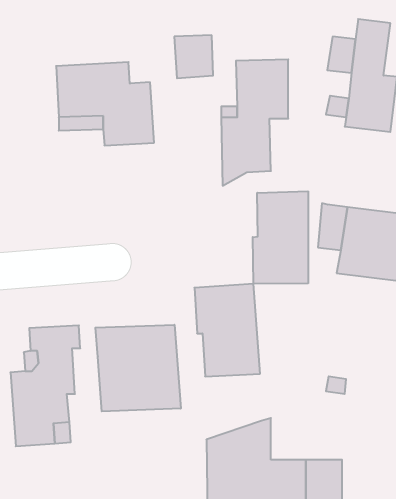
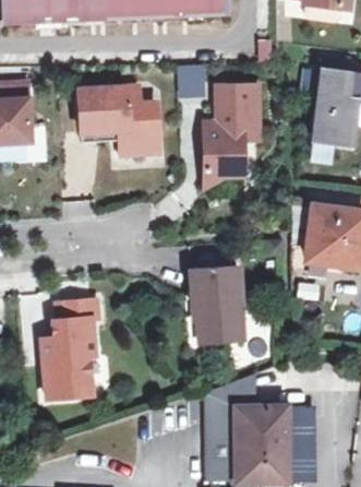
building: [253,191,308,284] -> none
building: [95,325,181,411] -> none

